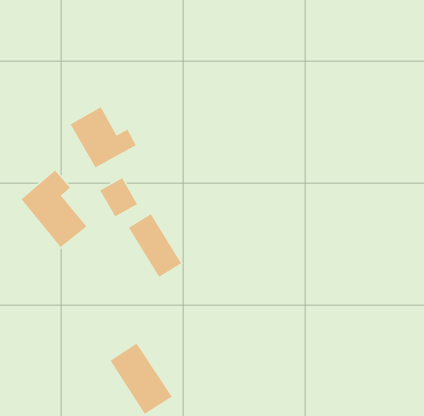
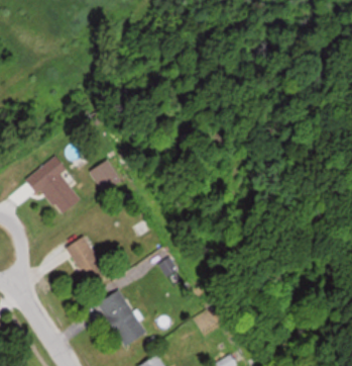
building: [70,106,137,169] -> none
building: [128,213,182,278] -> [66,236,108,286]

